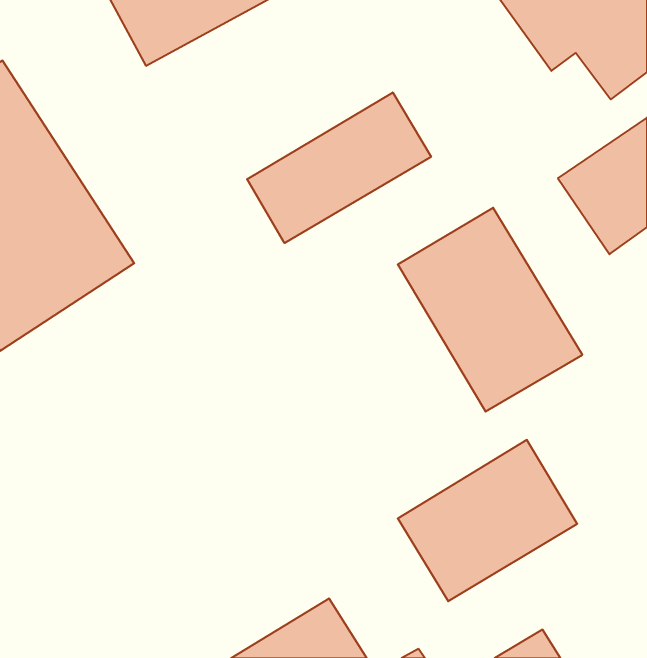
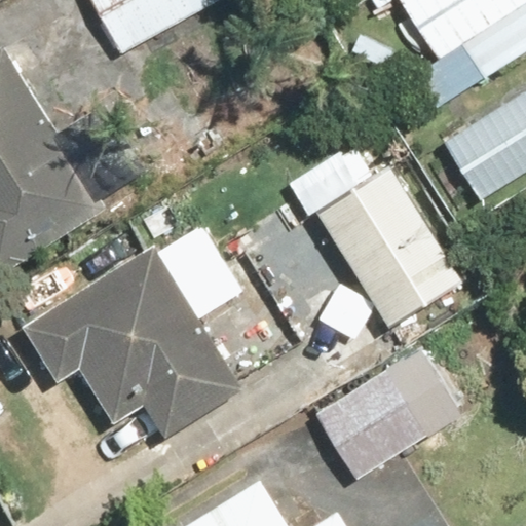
building: [247,92,431,243] -> none
building: none -> [26,250,233,429]

